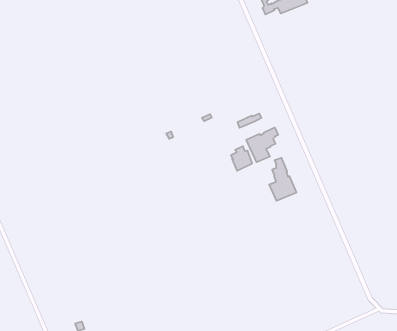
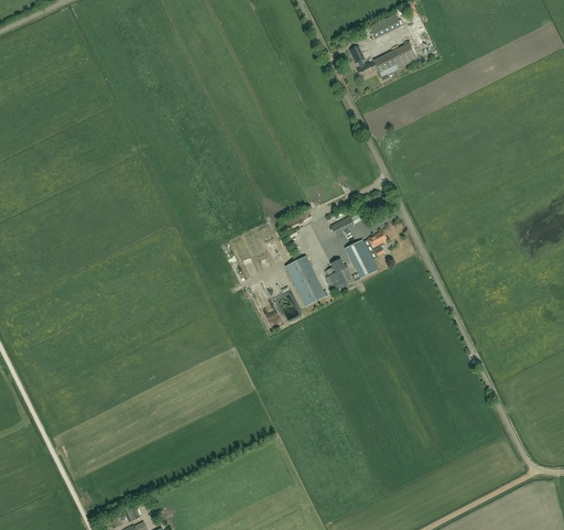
building: none -> [285,255,326,305]
building: [269,158,297,201] -> none

